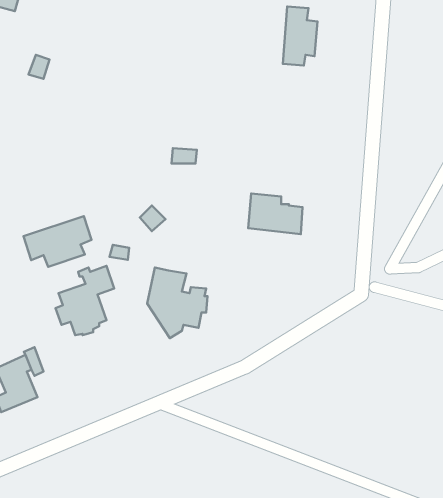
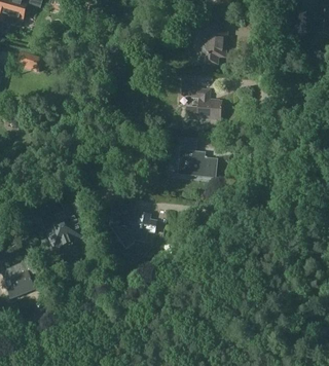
building: none -> [180,77,221,119]
building: [23,216,91,267] -> none

